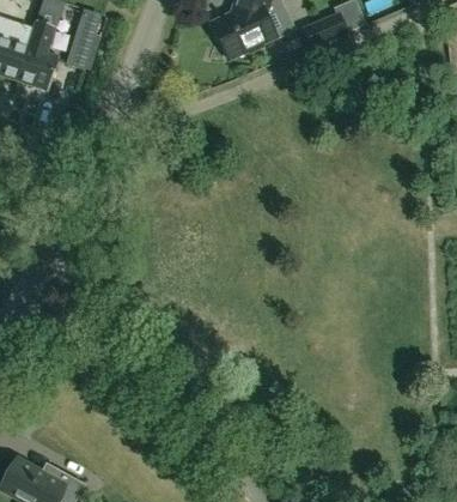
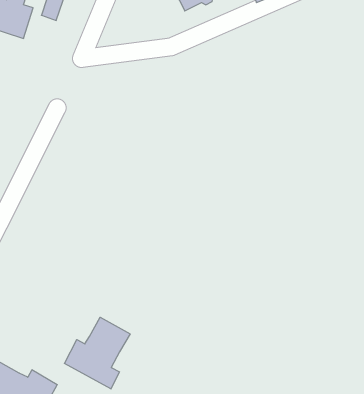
building: none -> [64,317,130,389]

